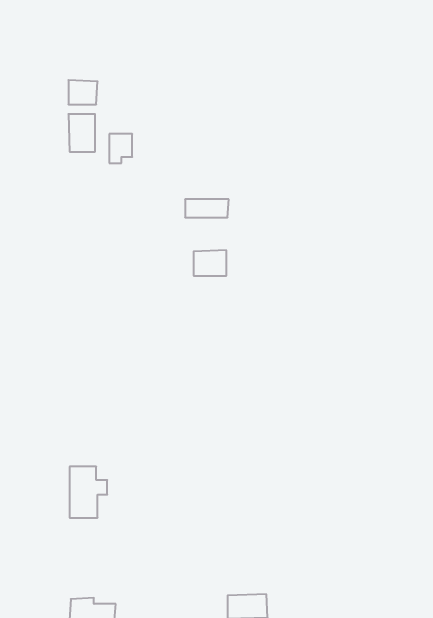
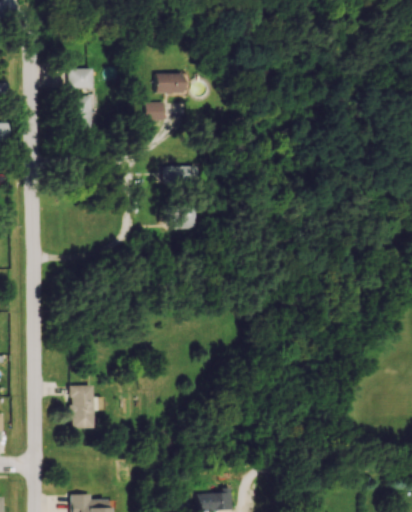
building: none -> [158,73,186,94]
building: [109,134,132,163] -> [148,102,167,126]

